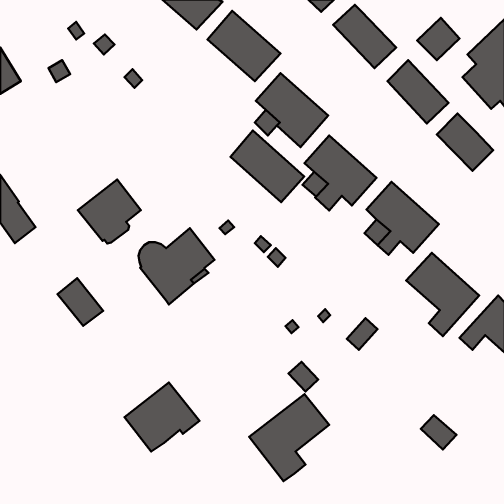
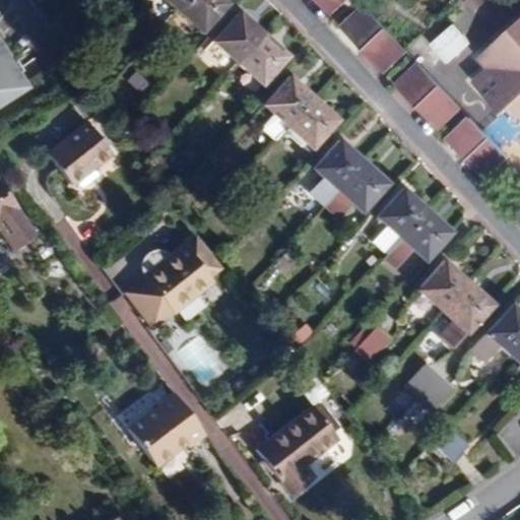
building: [231,130,304,202] -> none
building: [78,179,141,244] -> [48,121,113,187]
building: [58,278,103,326] -> [125,275,172,324]
building: none -> [393,365,449,422]

